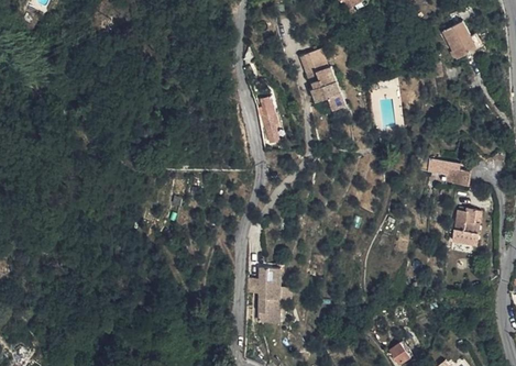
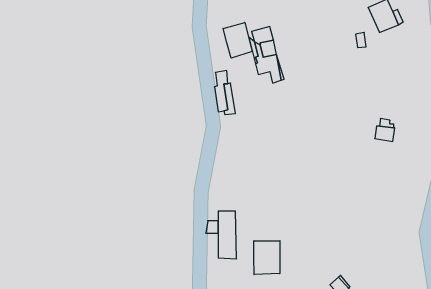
building: none -> [223,22,252,58]
building: [449,207,476,244] -> none
building: none -> [254,241,280,275]

